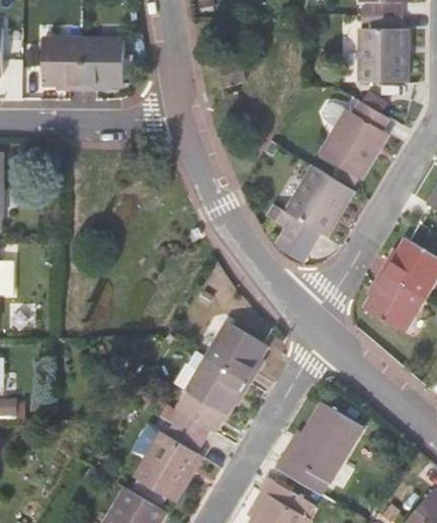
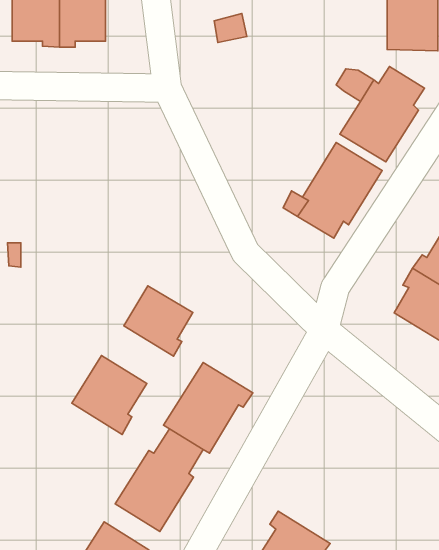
building: [206,321,264,380] -> [124,286,193,356]
building: none -> [72,355,147,435]
building: [277,406,361,494] -> none

